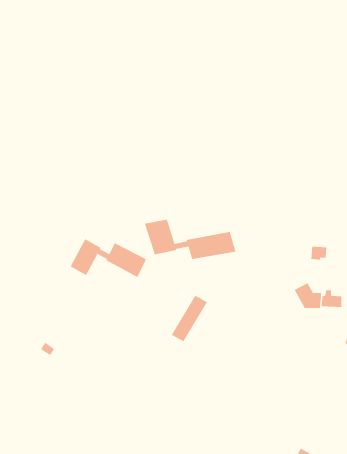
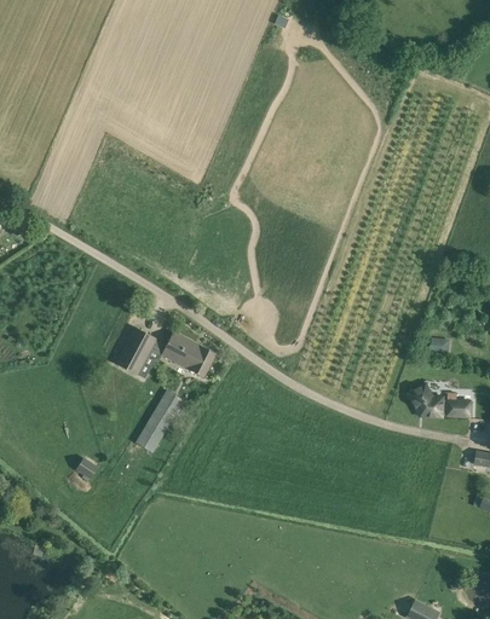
building: [144,219,236,260] -> none
building: [171,295,208,342] -> [136,391,184,452]

